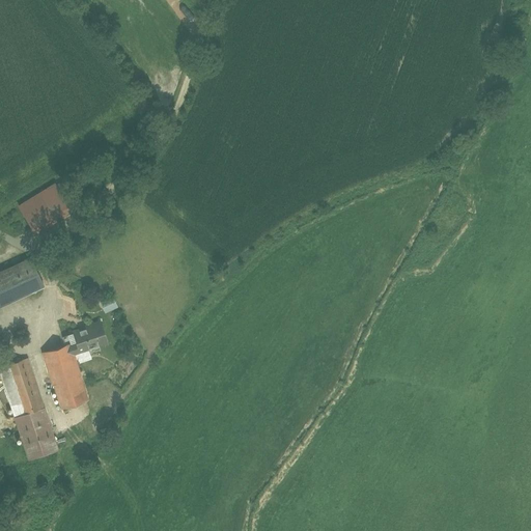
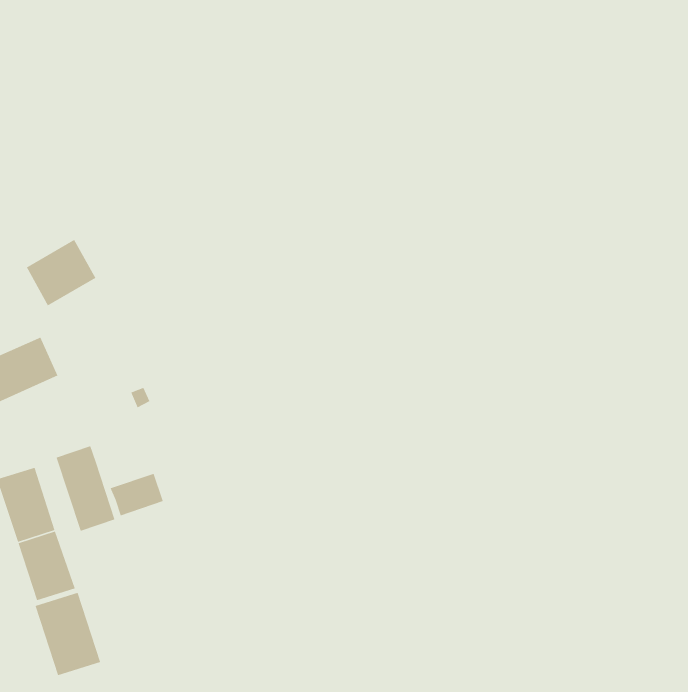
building: [65,320,107,354] -> [109,473,164,516]
building: none -> [35,592,101,676]

